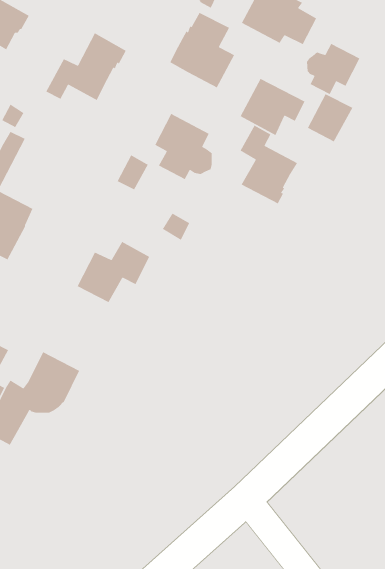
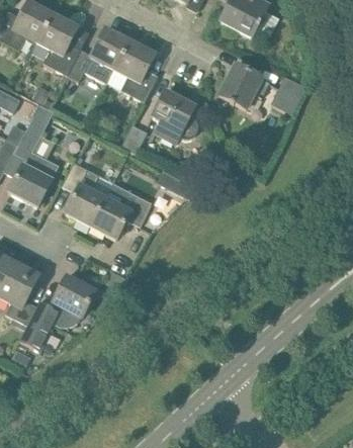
building: [169,12,235,88] -> [107,42,159,102]
building: none -> [36,15,81,75]
building: [306,43,361,95] -> none
building: [240,124,298,204] -> none
building: none -> [62,162,114,227]

